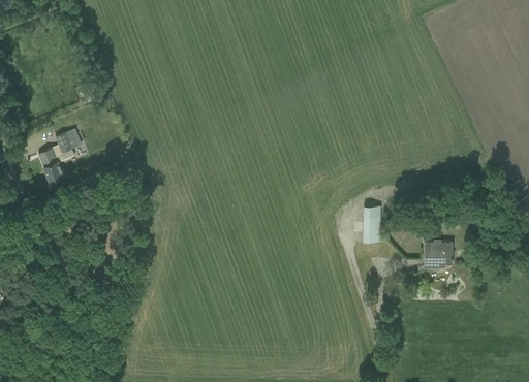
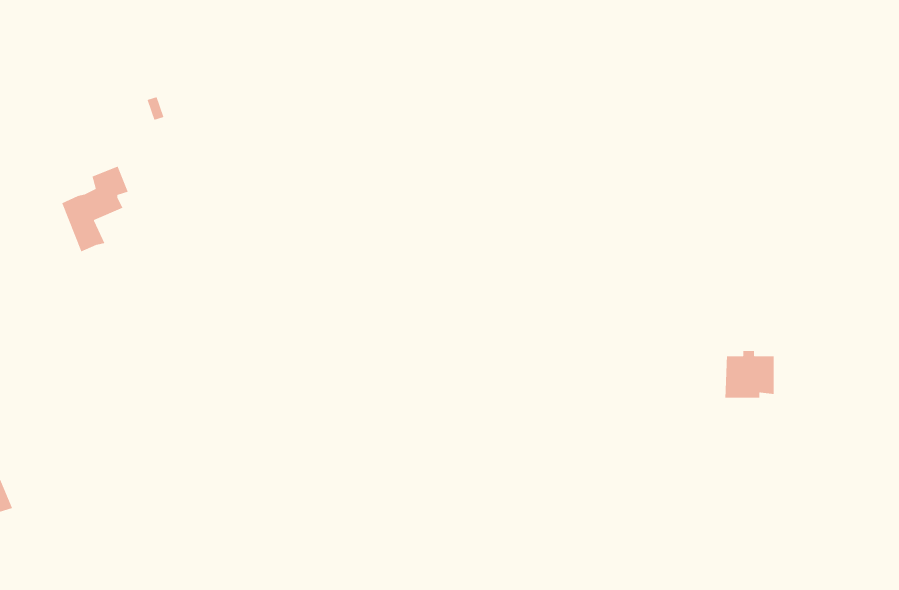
building: [362,205,379,242] -> none

